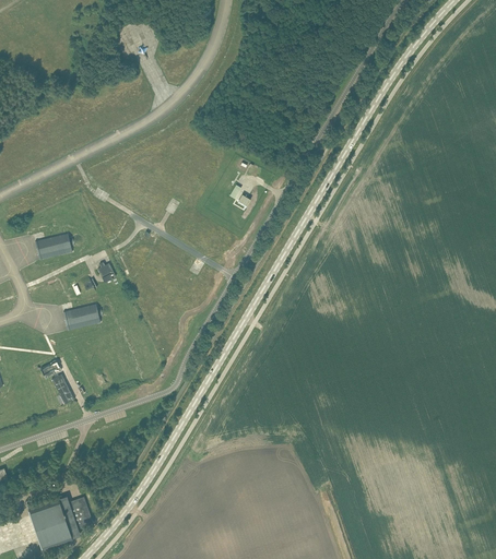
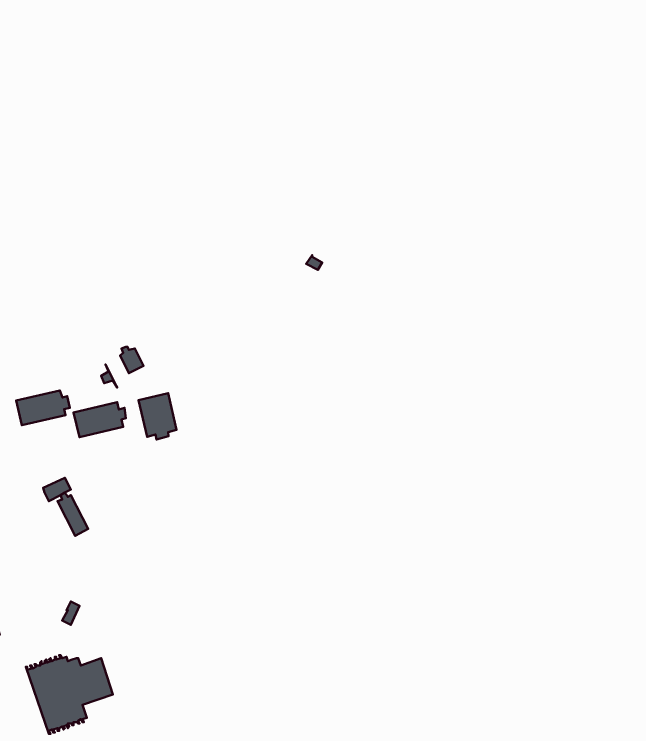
building: [34,233,74,259] -> [16,390,70,425]
building: none -> [138,393,177,440]

